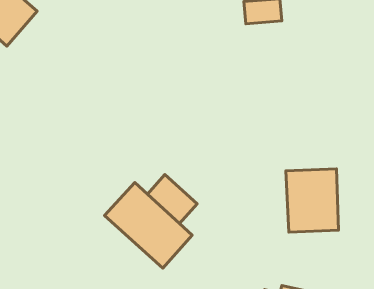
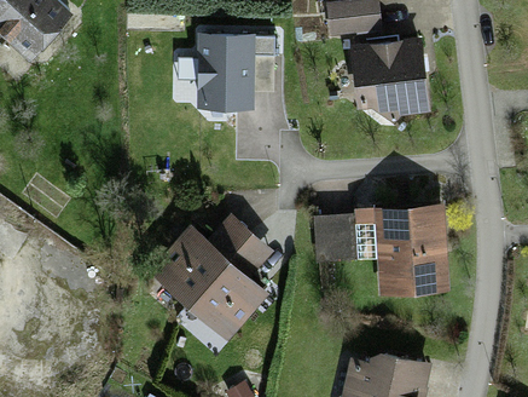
building: none -> [201,35,250,104]
building: none -> [354,42,427,114]
building: none -> [317,215,358,255]

